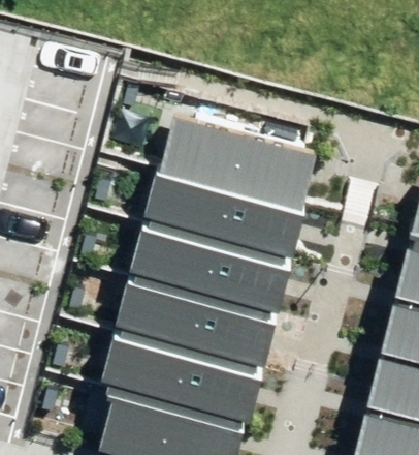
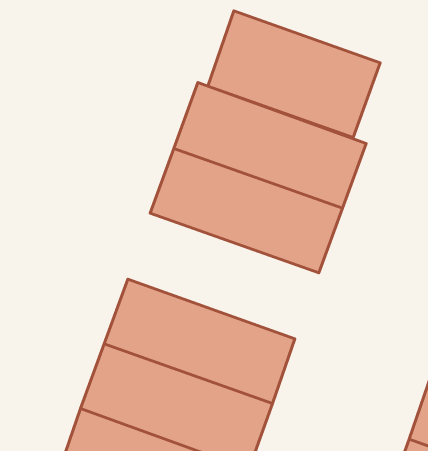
building: none -> [208,11,380,137]
building: [132,221,288,313] -> none

